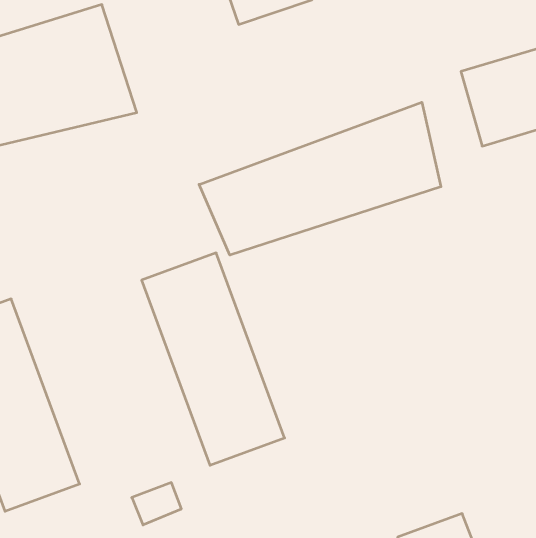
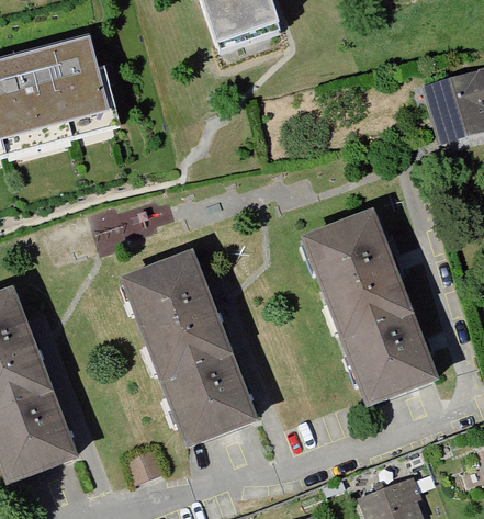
building: [199,102,441,255] -> none
building: none -> [306,210,432,397]

